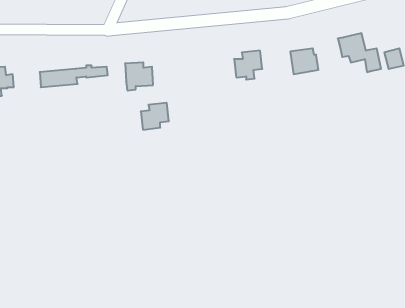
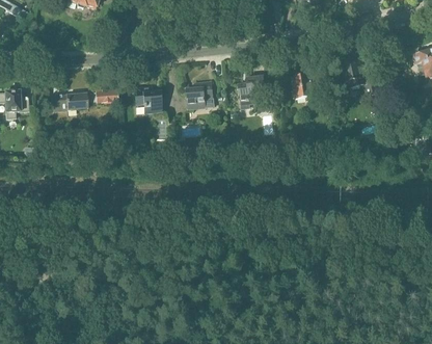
building: [141,103,169,130] -> [187,80,214,106]

